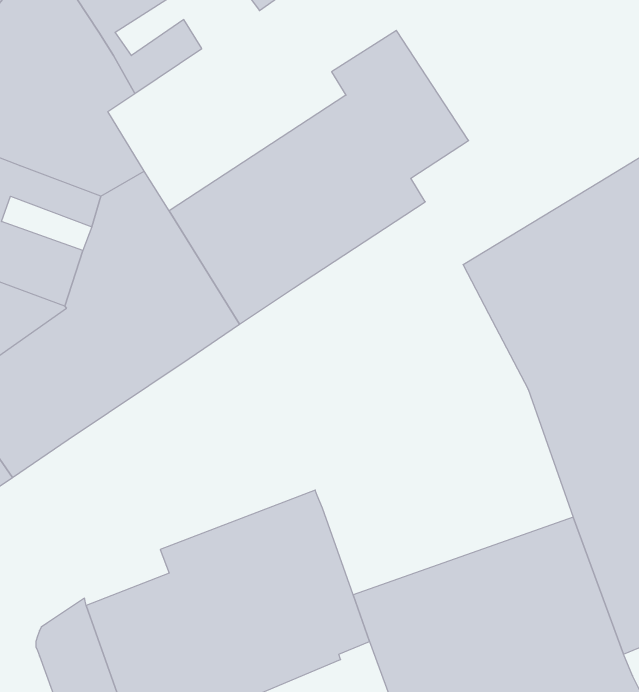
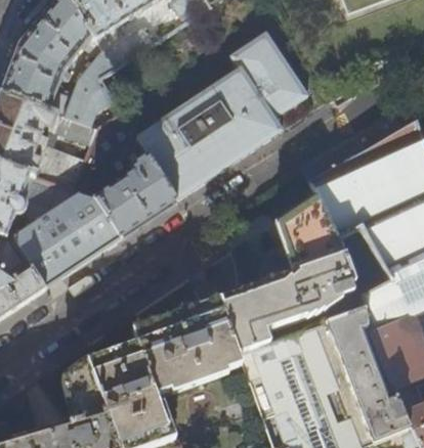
building: none -> [220,194,366,354]

